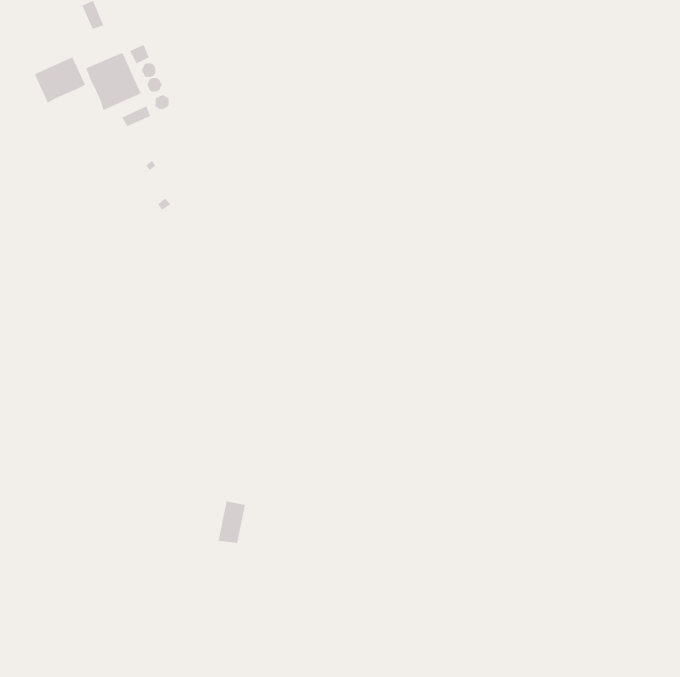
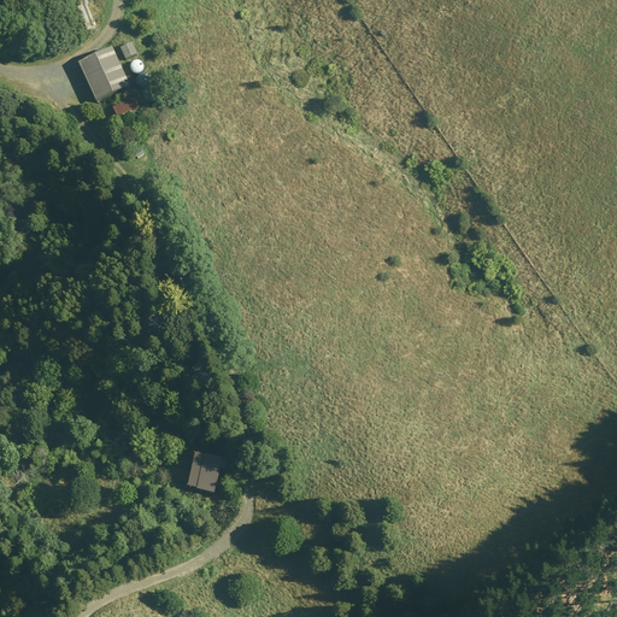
building: [34,57,86,104] -> none

